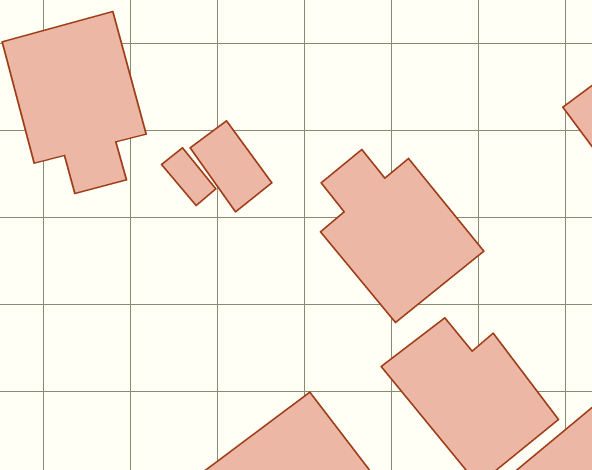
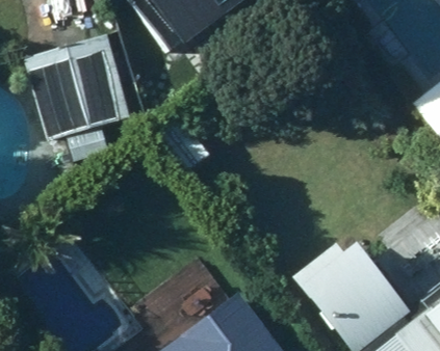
building: [321,149,484,322] -> none

